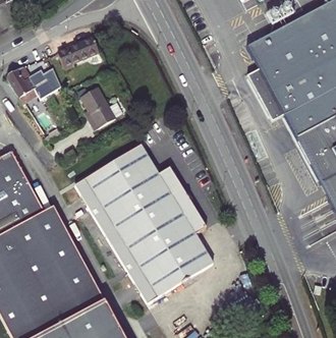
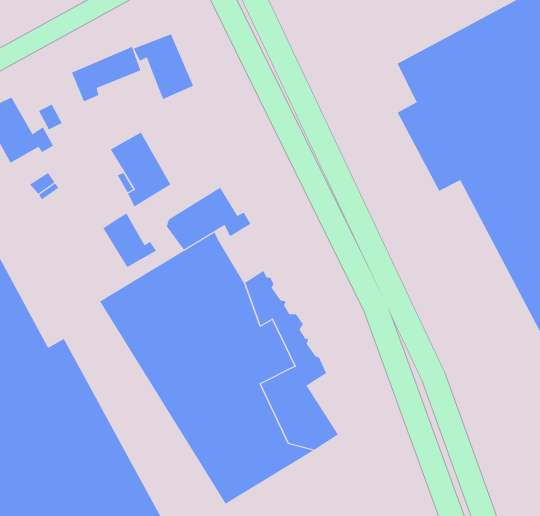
building: none -> [133,34,194,100]
building: none -> [166,187,251,250]
building: none -> [102,213,157,268]

